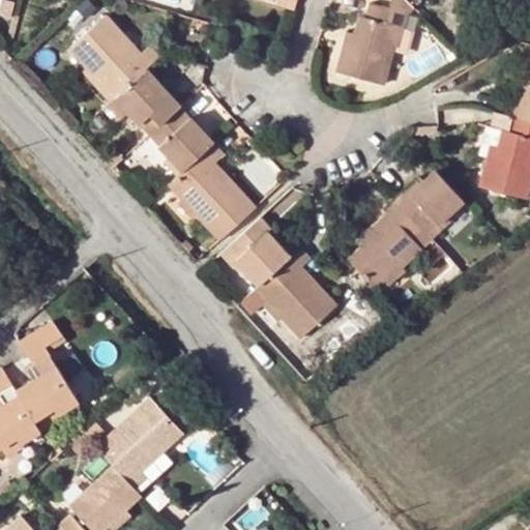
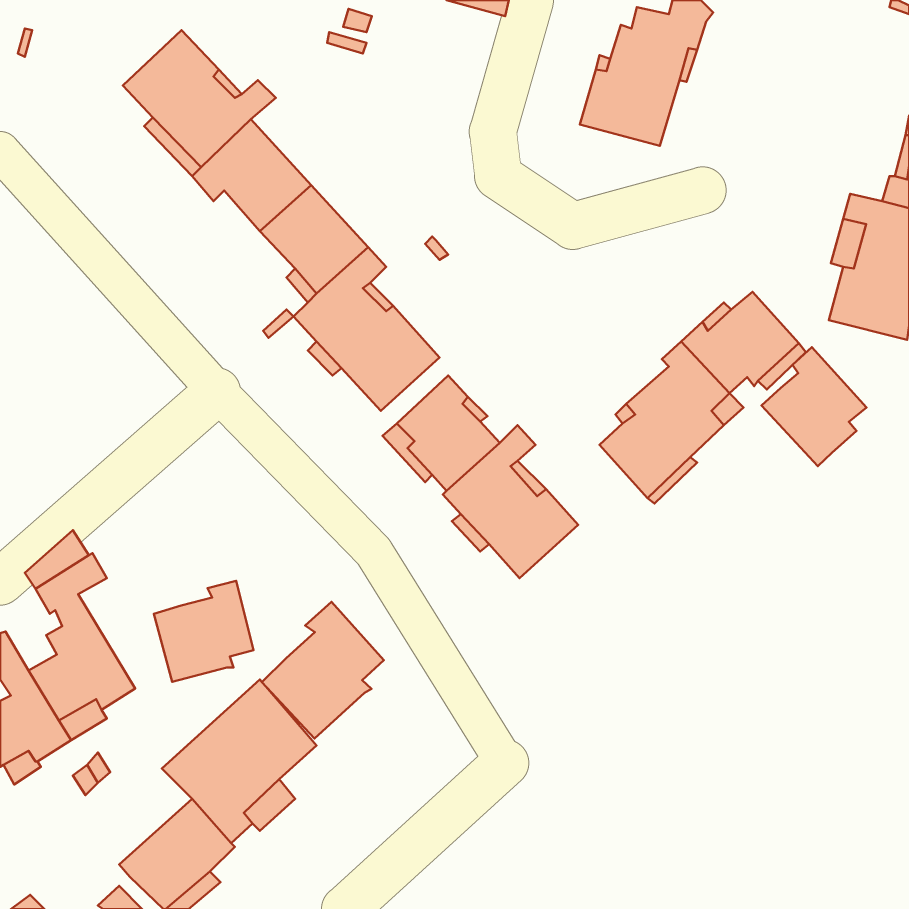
building: none -> [761,347,866,466]
building: none -> [154,581,253,682]
building: none -> [262,602,384,738]

